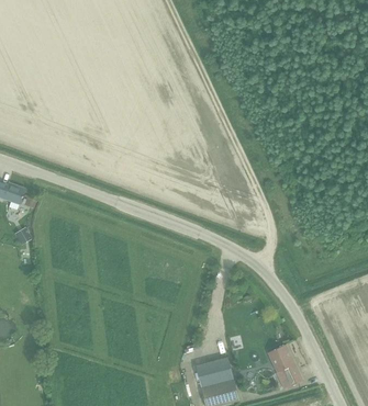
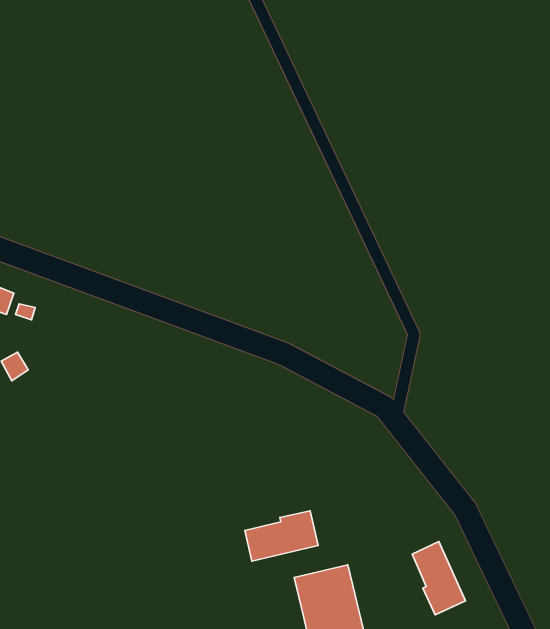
building: none -> [245,511,318,561]

